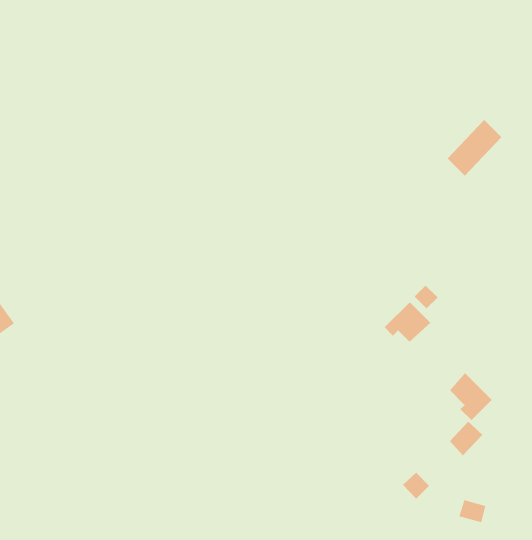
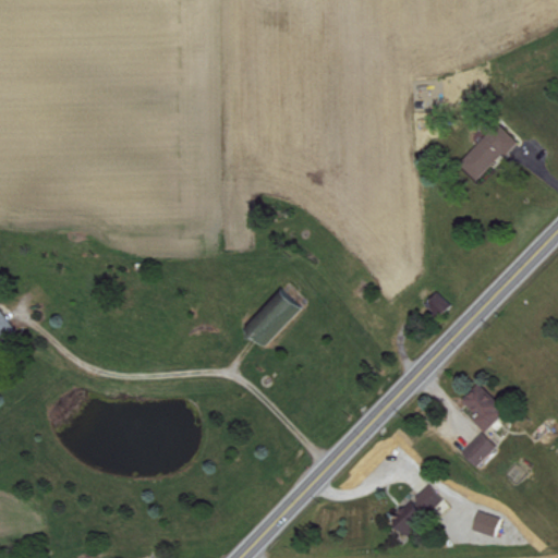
building: none -> [243,287,301,345]
building: [384,301,431,343] -> none
building: none -> [387,499,424,535]

